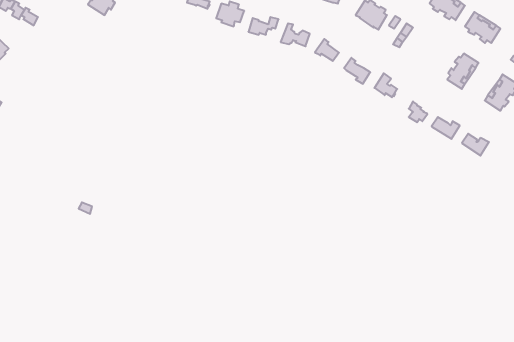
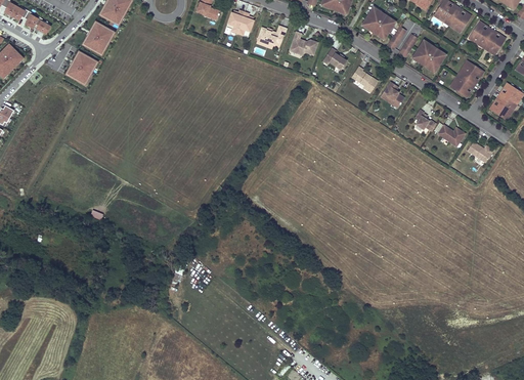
building: none -> [84,22,115,53]
building: none -> [412,42,443,72]
building: none -> [64,51,97,83]

